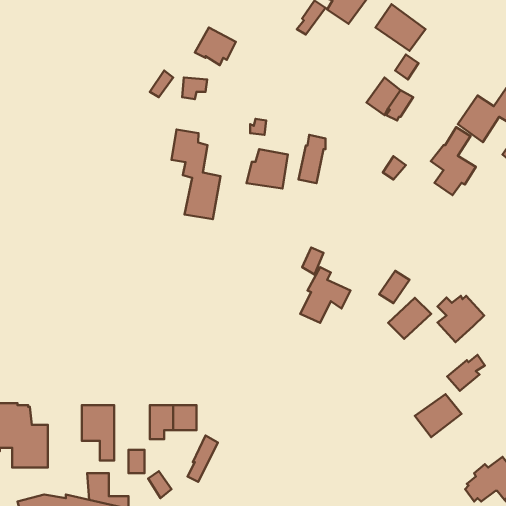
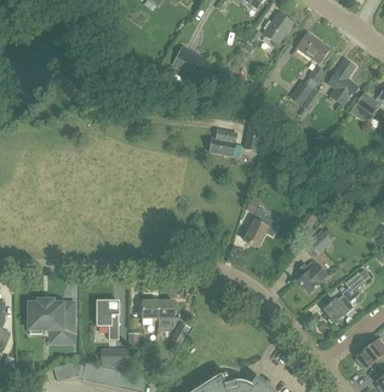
building: [431,127,476,195] -> [328,58,359,104]
building: [172,130,220,219] -> none
building: [437,296,484,342] -> [297,261,328,293]

